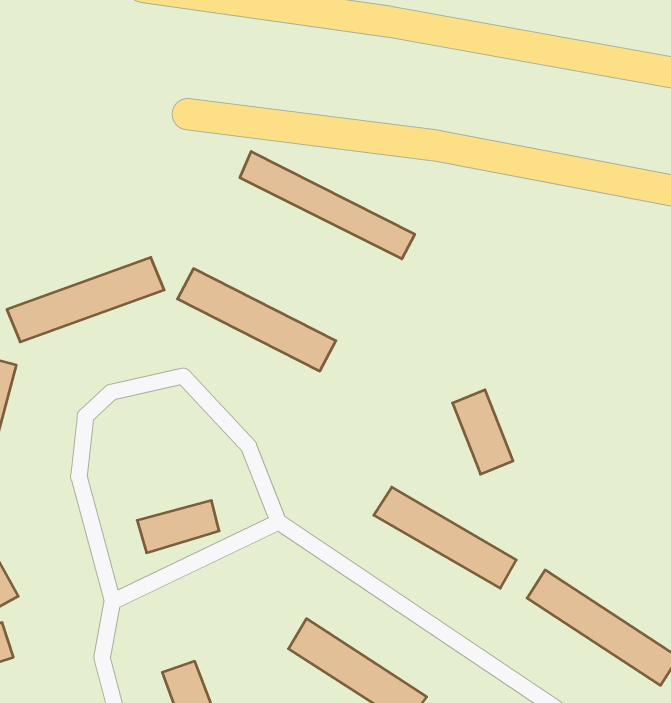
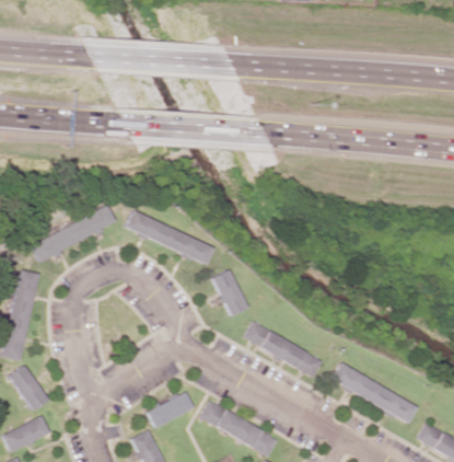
building: [240,151,415,259] -> none
building: [452,390,513,474] -> [211,269,247,316]
building: [137,501,219,553] -> [148,394,194,426]

